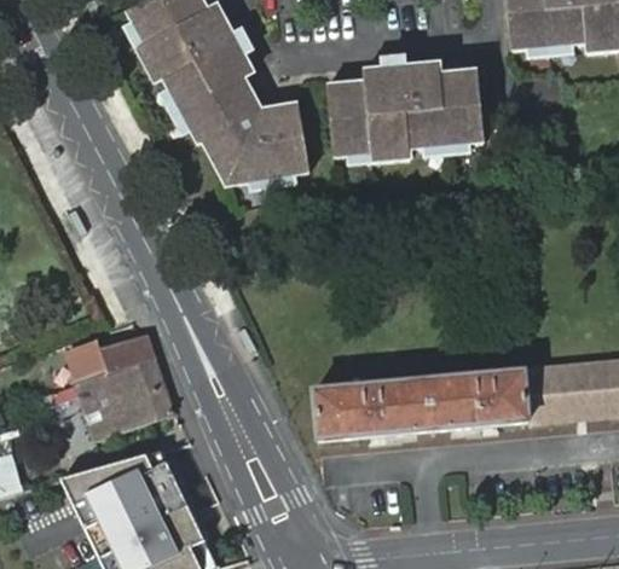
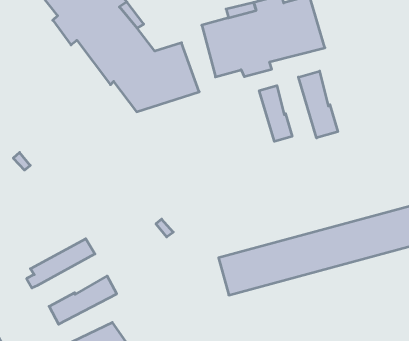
building: none -> [298,71,338,138]
building: none -> [259,86,292,141]
building: [62,356,154,414] -> none

